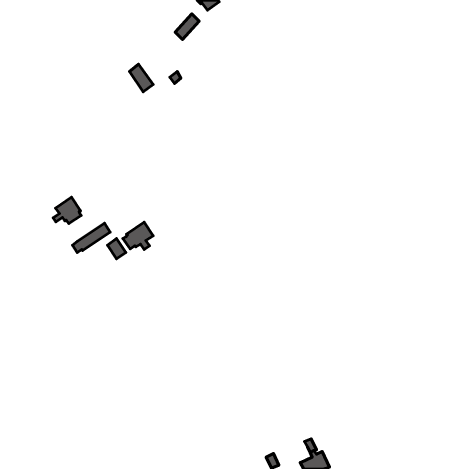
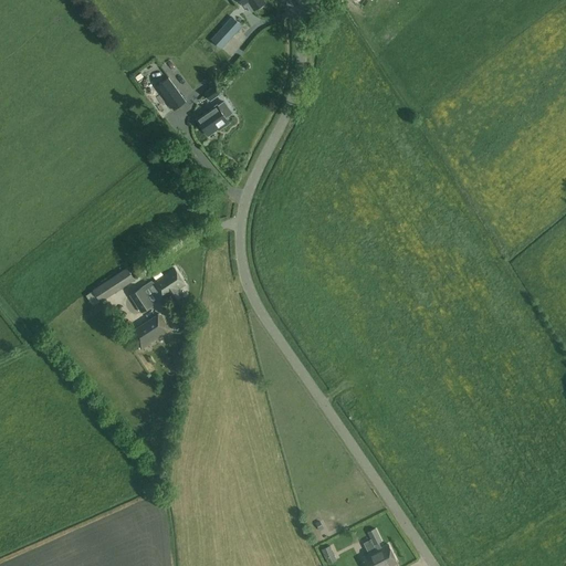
building: none -> [196,102,231,136]
building: [53,197,81,223] -> none
building: none -> [130,314,169,349]

